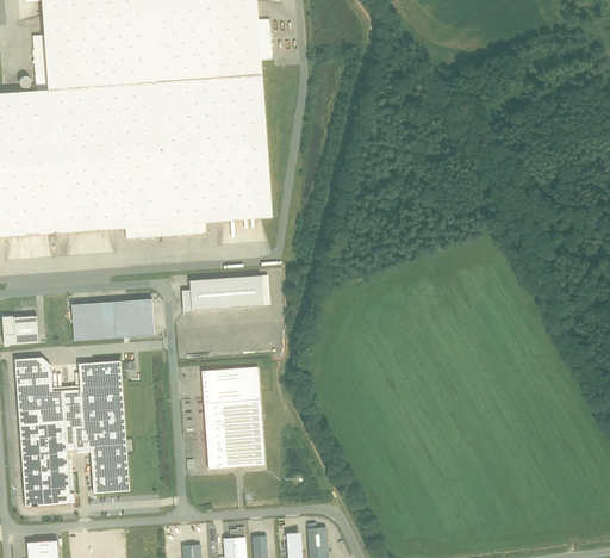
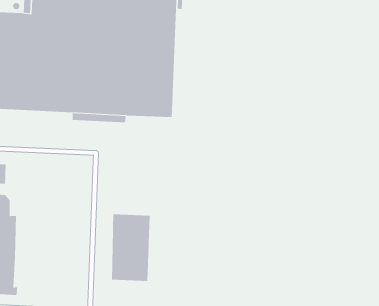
building: [182,274,262,309] -> none
building: [70,297,155,340] -> none
building: [60,359,127,490] -> none

